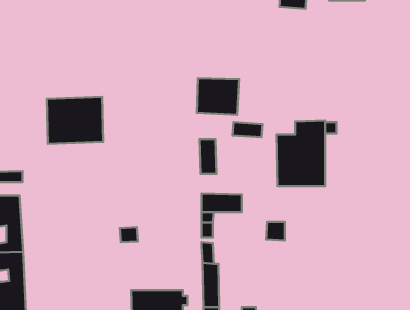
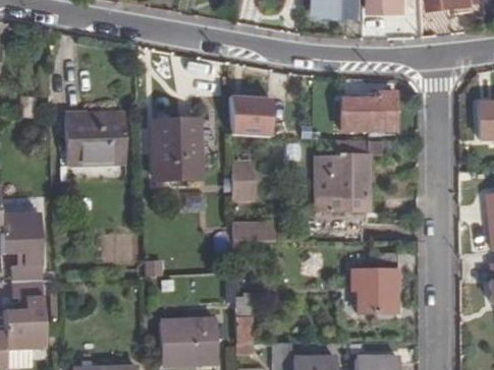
building: none -> [341,88,397,127]
building: none -> [155,121,202,180]
building: none -> [352,251,400,313]

